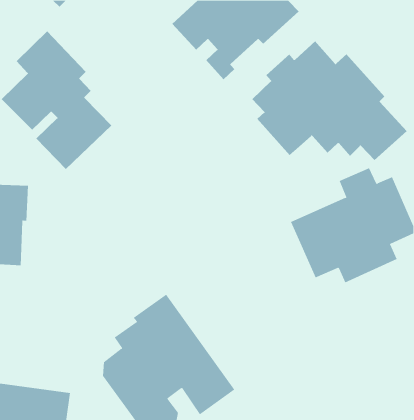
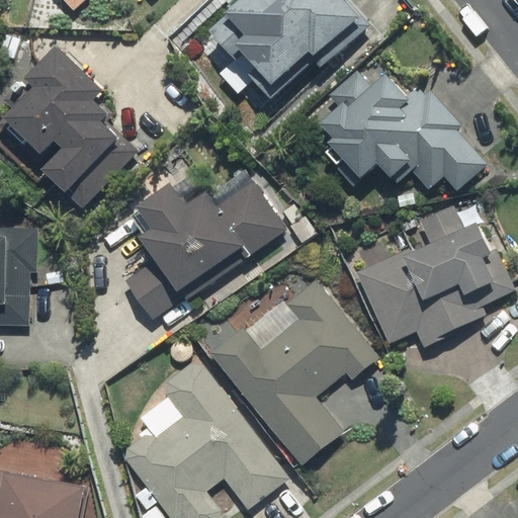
building: none -> [121,177,282,321]
building: none -> [213,278,375,466]

